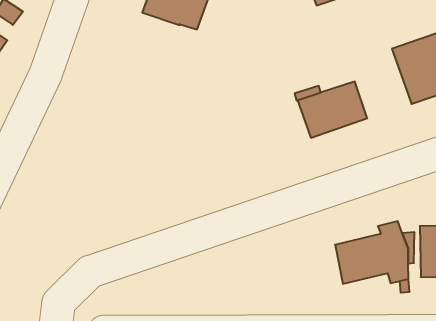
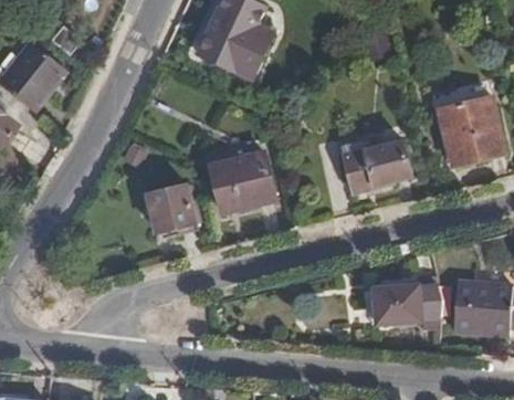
building: none -> [212,155,273,207]
building: none -> [146,181,195,229]

